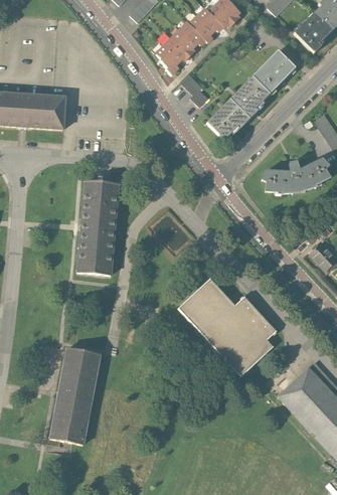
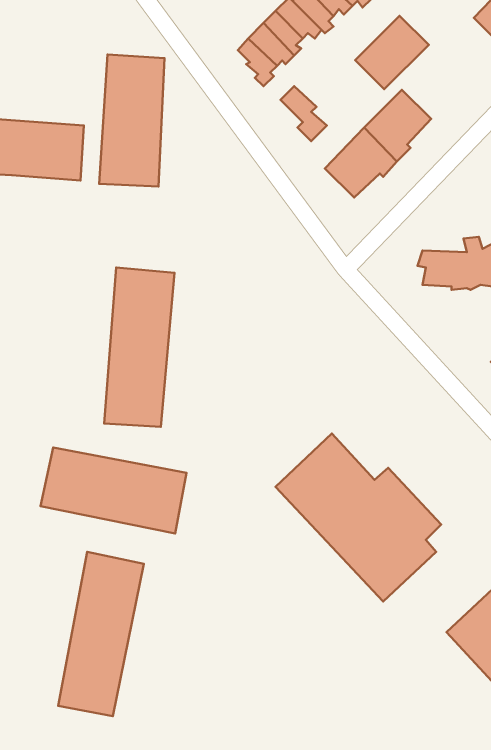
building: [252,49,296,93] -> [355,16,429,89]
building: none -> [99,55,164,186]
building: none -> [41,448,187,534]

